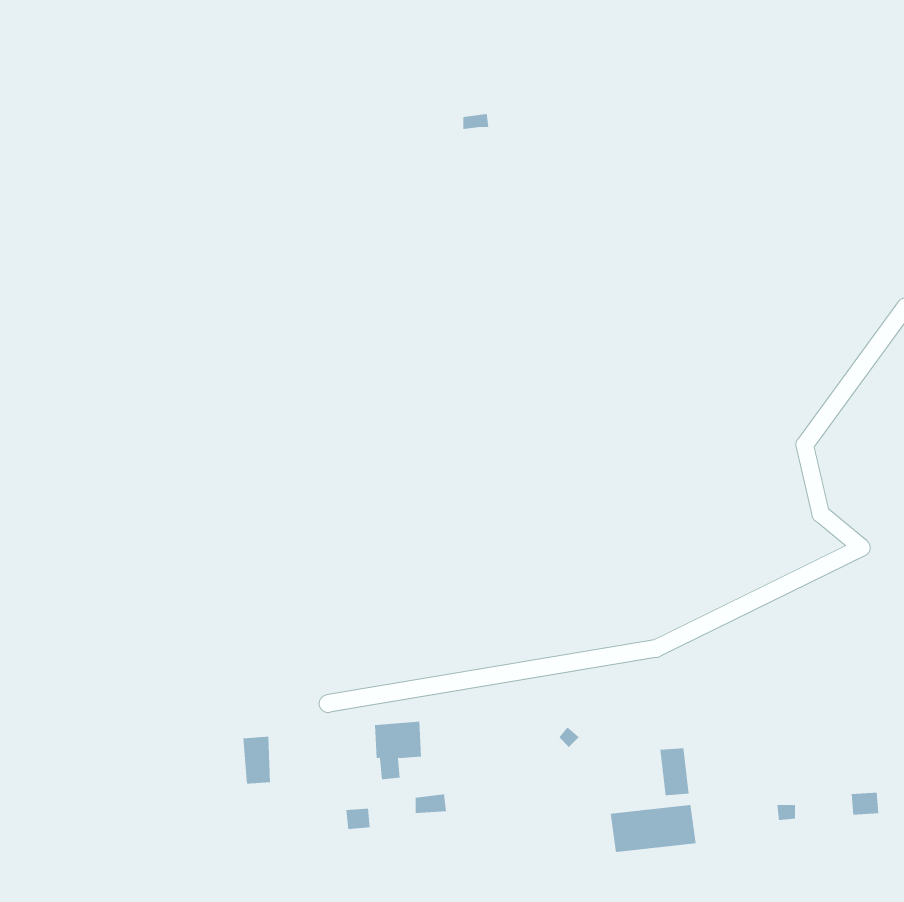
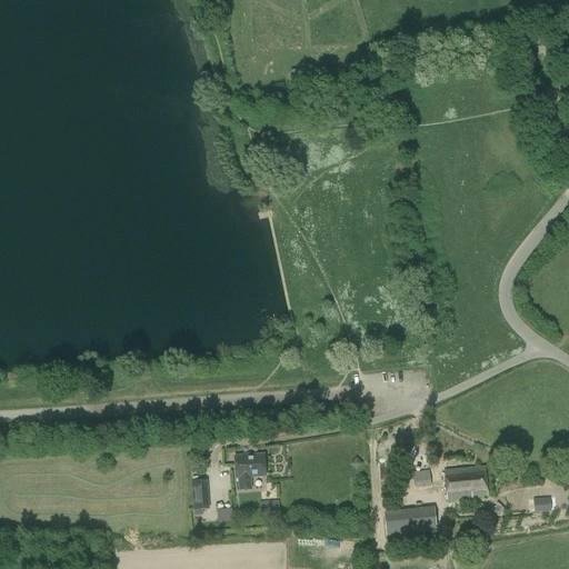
building: [242,736,271,784] -> [191,479,209,509]
building: none -> [446,466,488,499]

